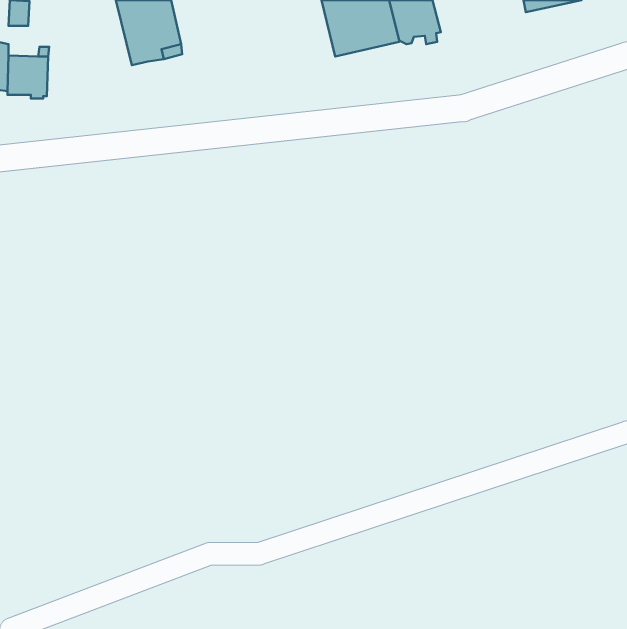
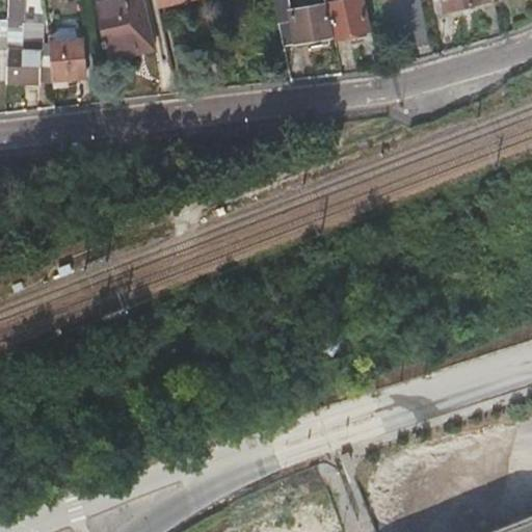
building: none -> [50,34,84,91]

